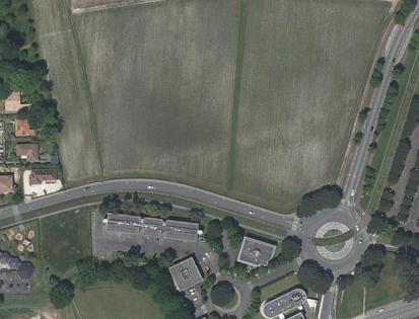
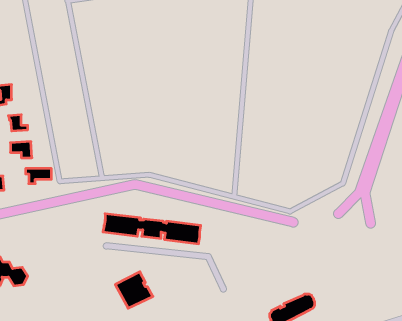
building: [238,238,273,264] -> none
building: [167,256,203,291] -> [115,272,153,308]

